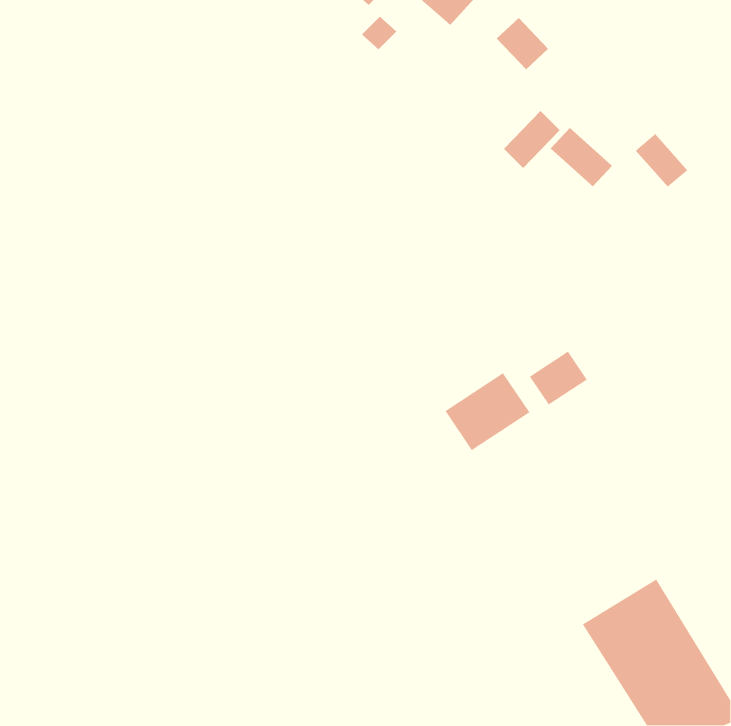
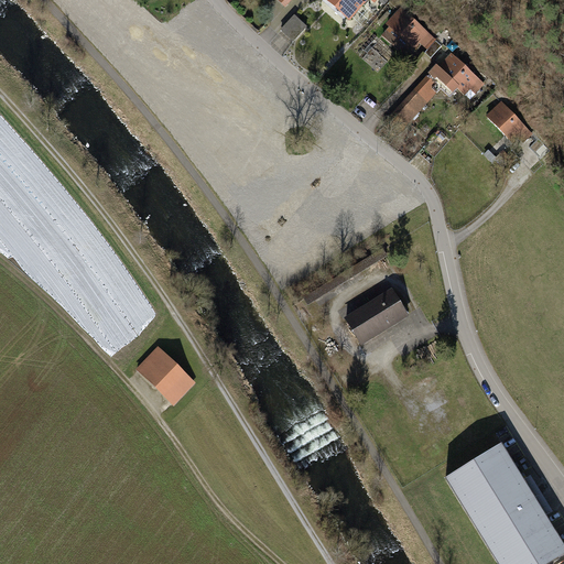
building: [550,127,613,187] -> [434,52,482,98]
building: [529,351,588,406] -> none
building: none -> [134,344,197,408]

